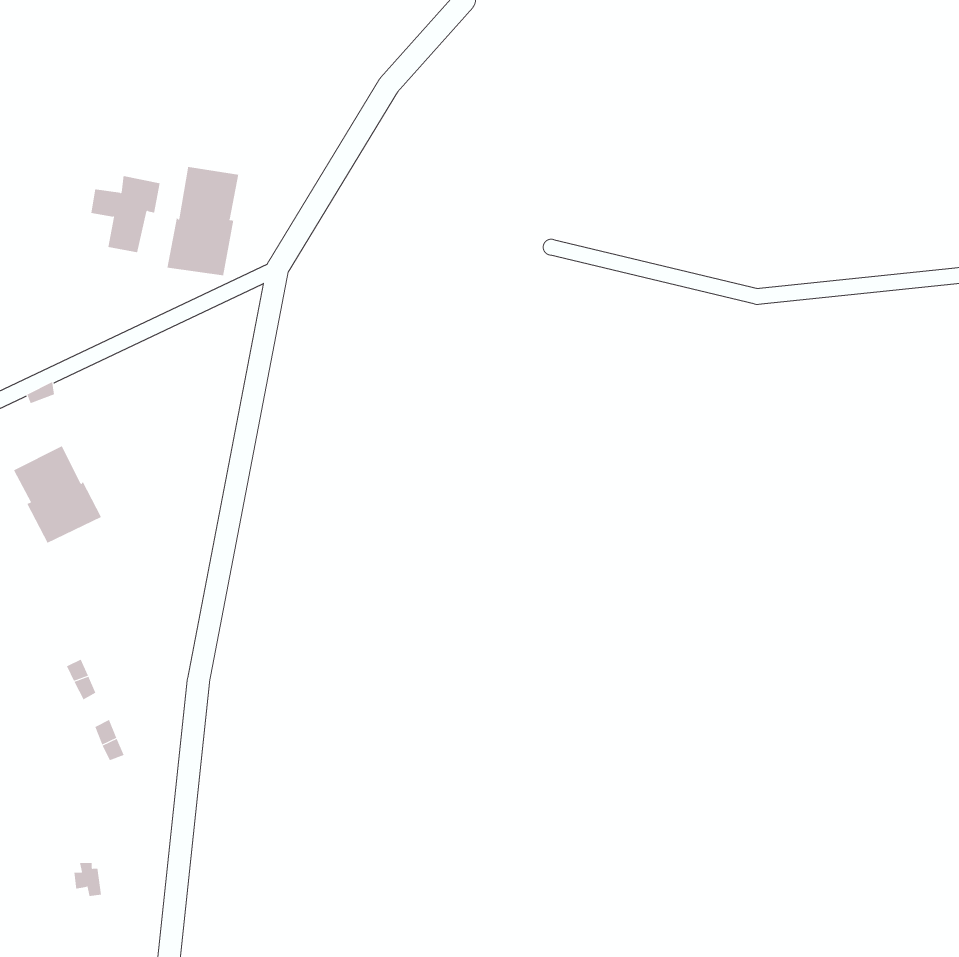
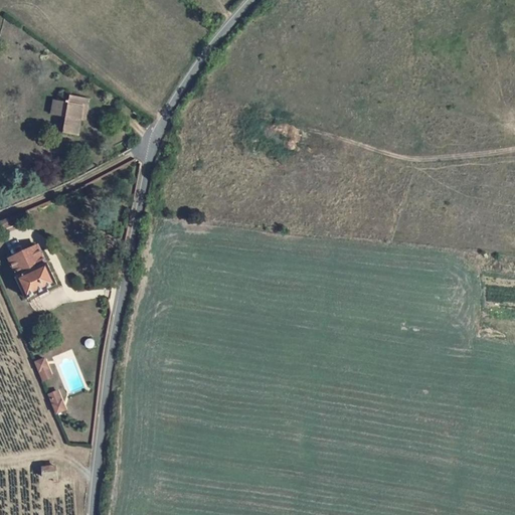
building: [167,166,239,276] -> none

